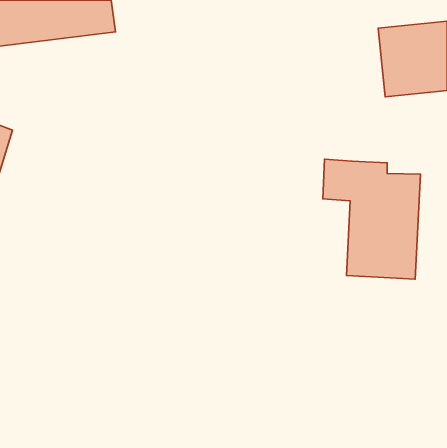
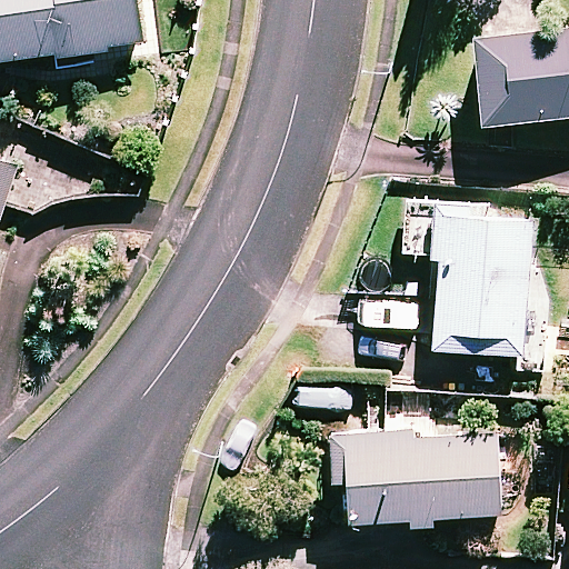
building: none -> [331,431,500,529]

